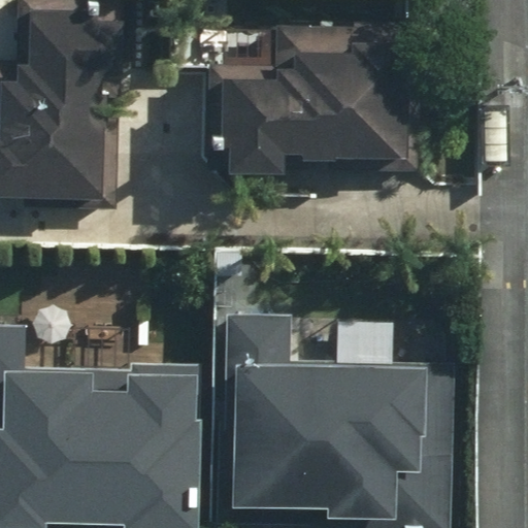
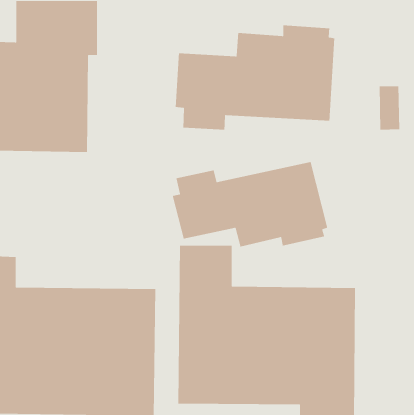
building: none -> [172,161,328,247]

